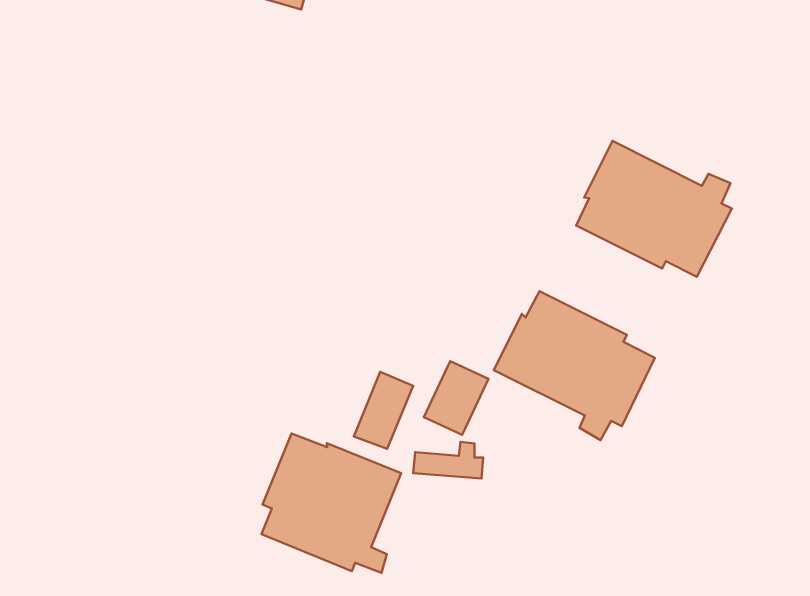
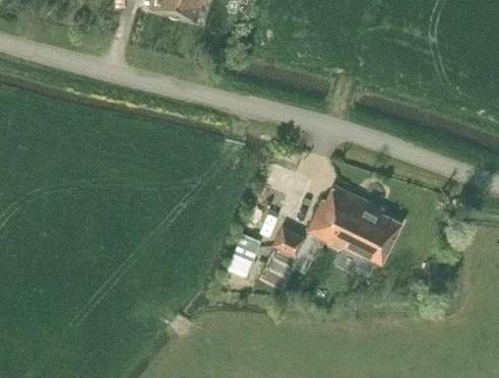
building: [576,141,732,277] -> none
building: [262,433,401,573] -> none

